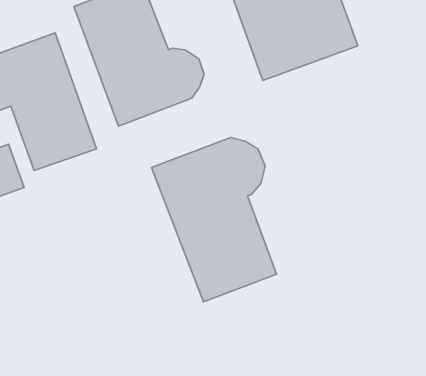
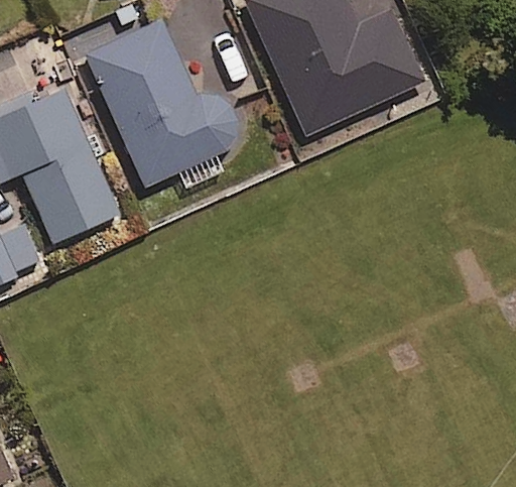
building: [152,138,277,302] -> none

